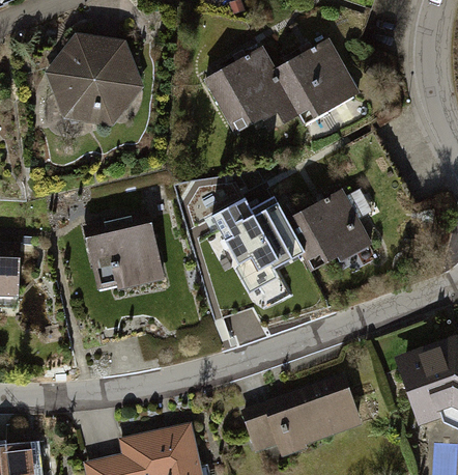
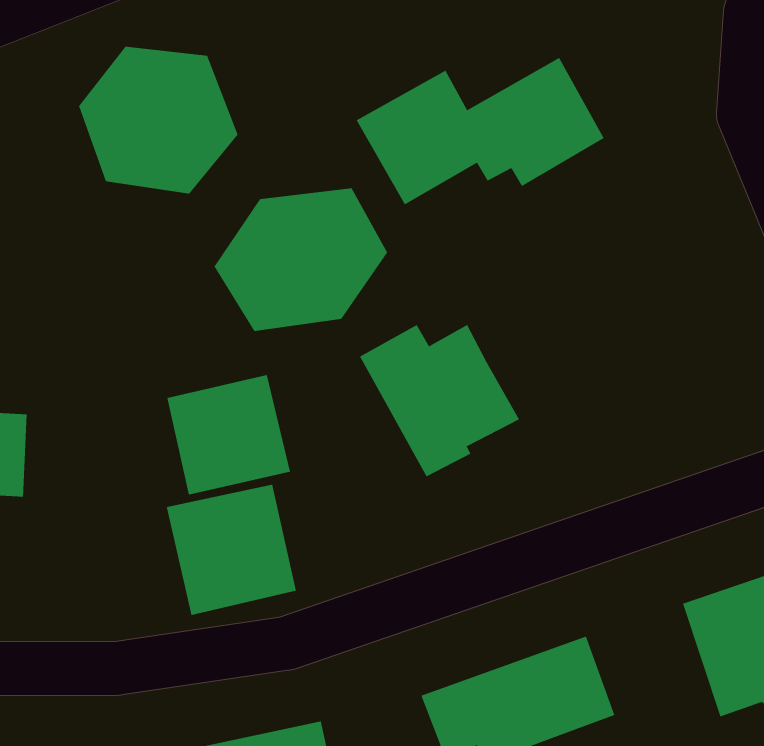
building: none -> [214,187,388,332]
building: [284,190,371,264] -> none
building: none -> [166,484,297,616]

